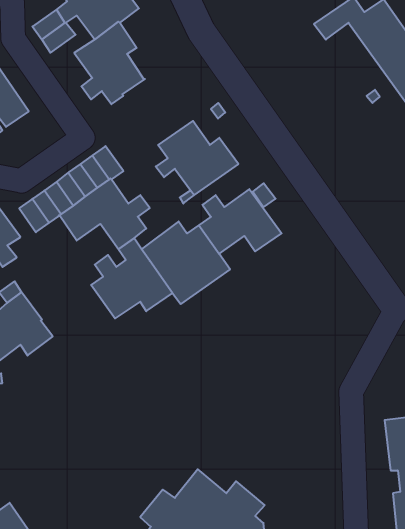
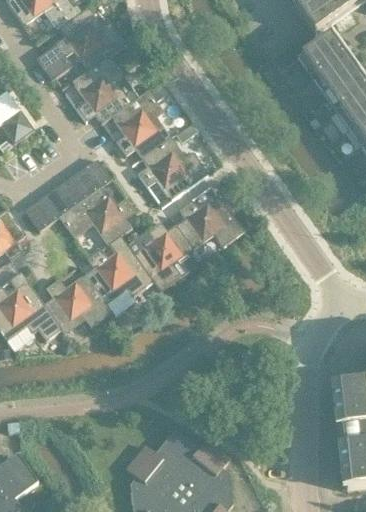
building: none -> [111,90,170,158]
building: none -> [43,275,111,333]

